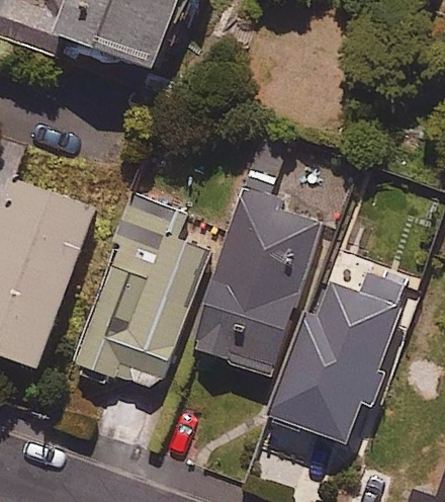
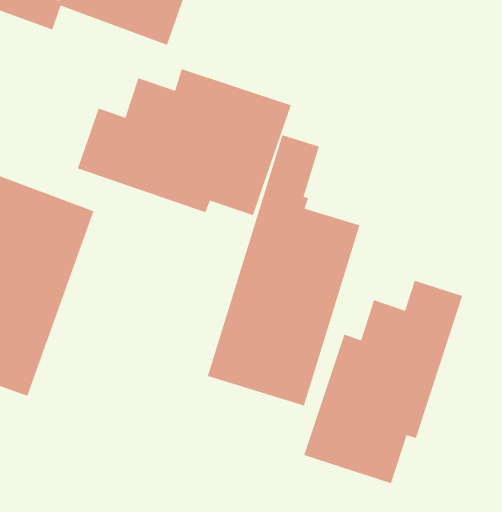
building: none -> [77,68,292,216]
building: [76,196,206,388] -> none

